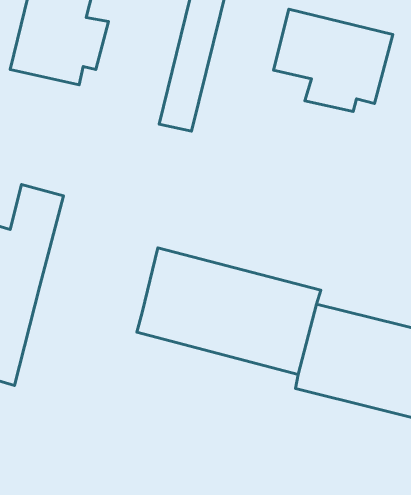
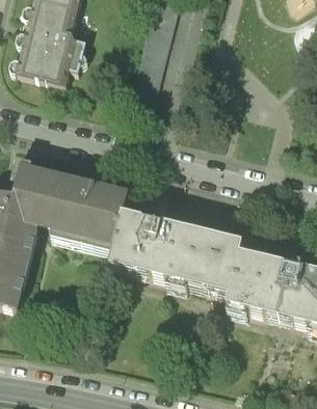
building: [273,9,393,112] -> none
building: none -> [36,167,129,253]

